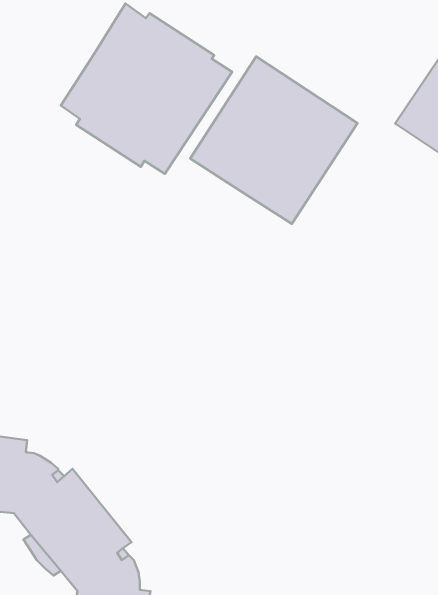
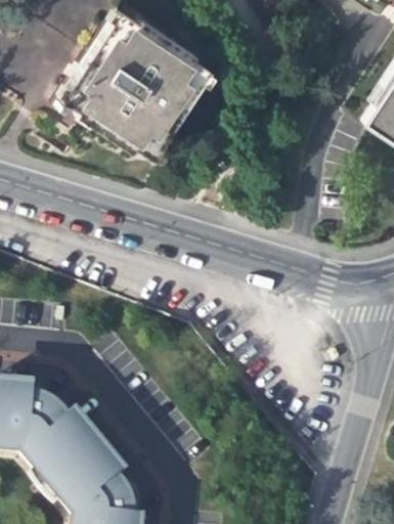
building: [190,56,357,224] -> none

